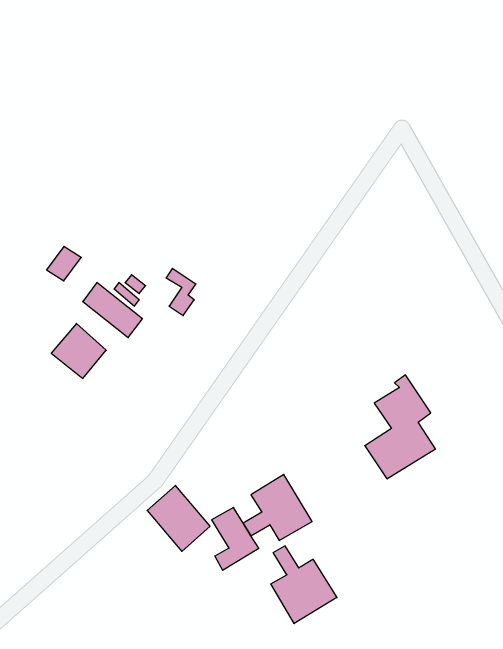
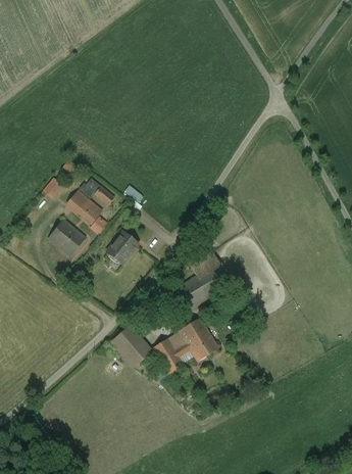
building: none -> [106,232,138,265]
building: [365,375,435,479] -> [179,240,224,307]
building: [271,546,337,624] -> none

